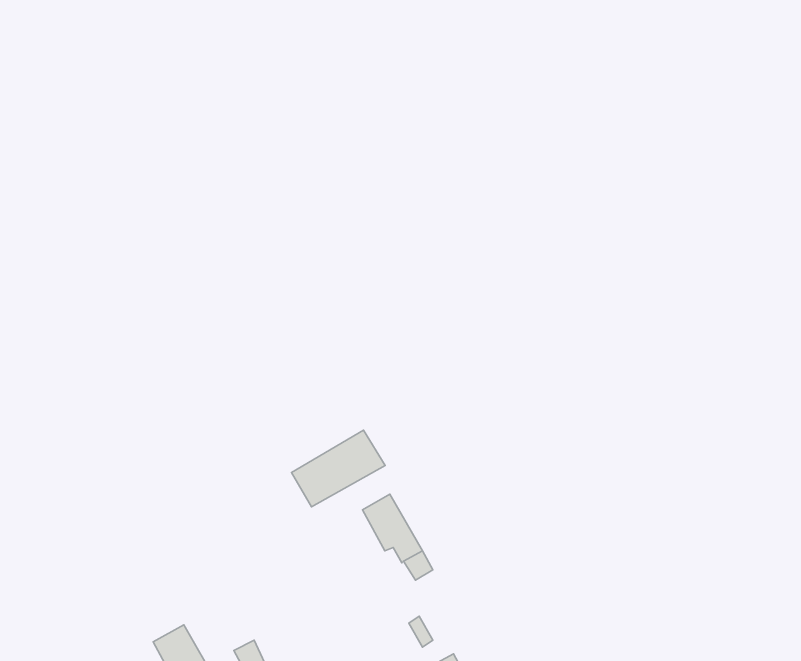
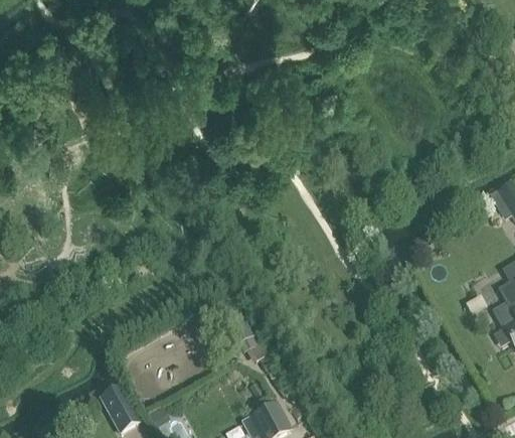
building: [292,430,385,507] -> none

